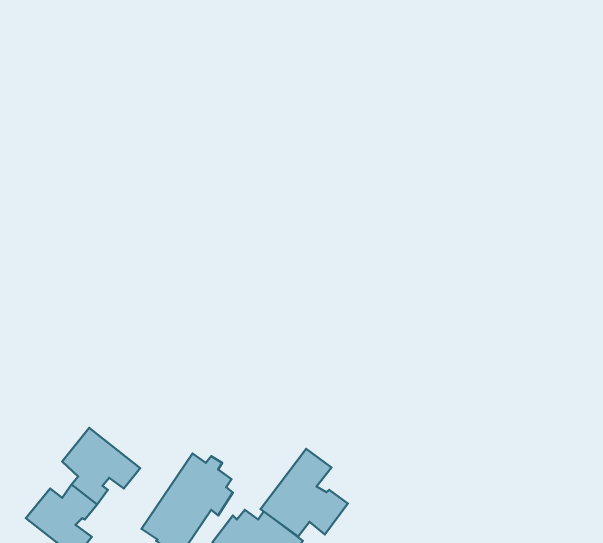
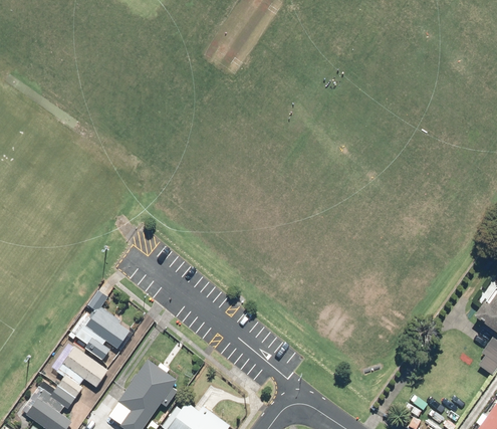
building: none -> [67,305,135,362]
building: [261,449,348,536] -> none

